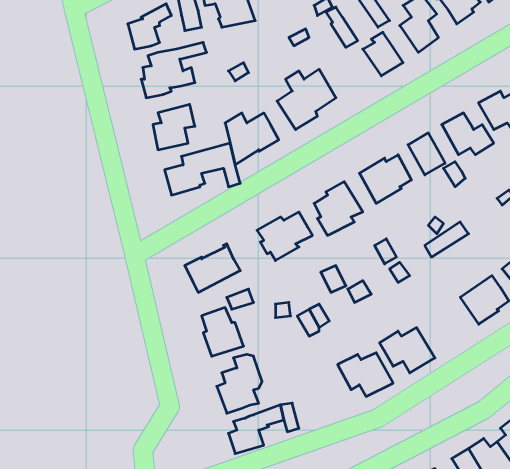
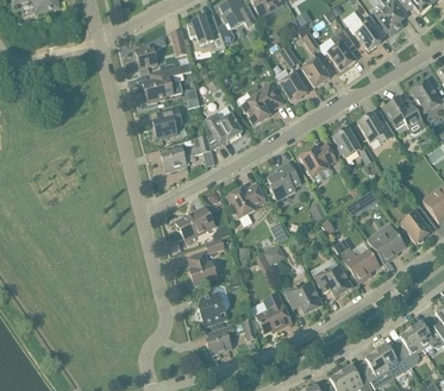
building: none -> [274,67,307,101]
building: none -> [333,239,379,283]
building: none -> [256,294,290,333]

